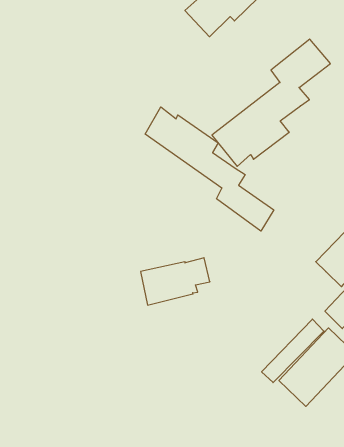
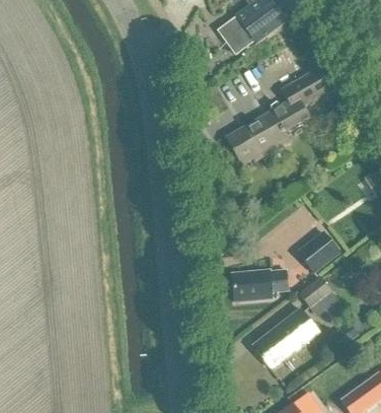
building: [145,107,274,231] -> none
building: [141,258,210,305] -> [232,270,288,302]

